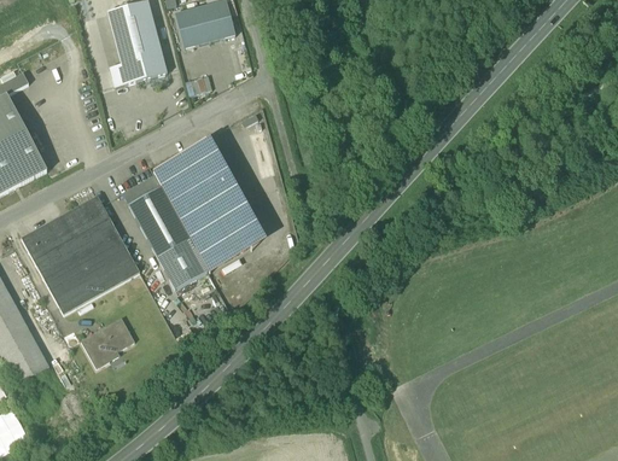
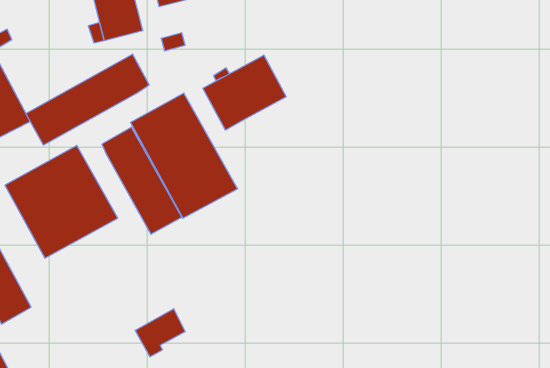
building: none -> [26,54,149,145]
building: none -> [203,55,286,130]
building: [81,317,134,368] -> [135,309,185,357]

